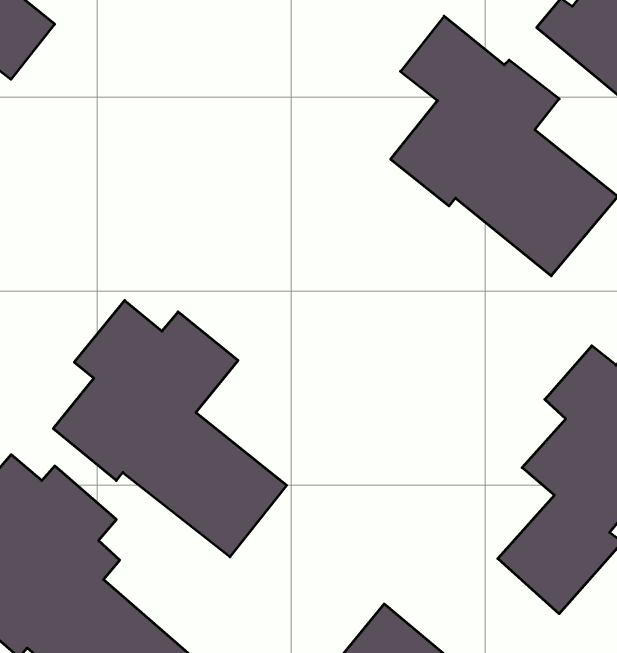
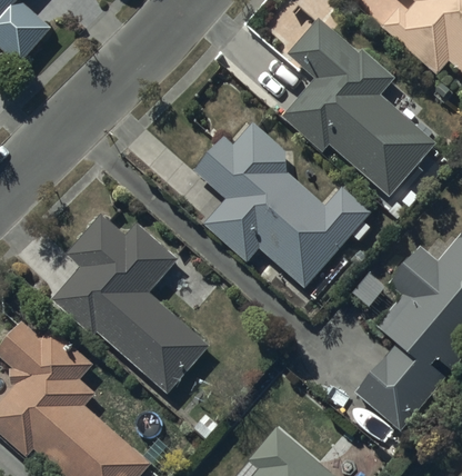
building: none -> [191,121,371,288]

